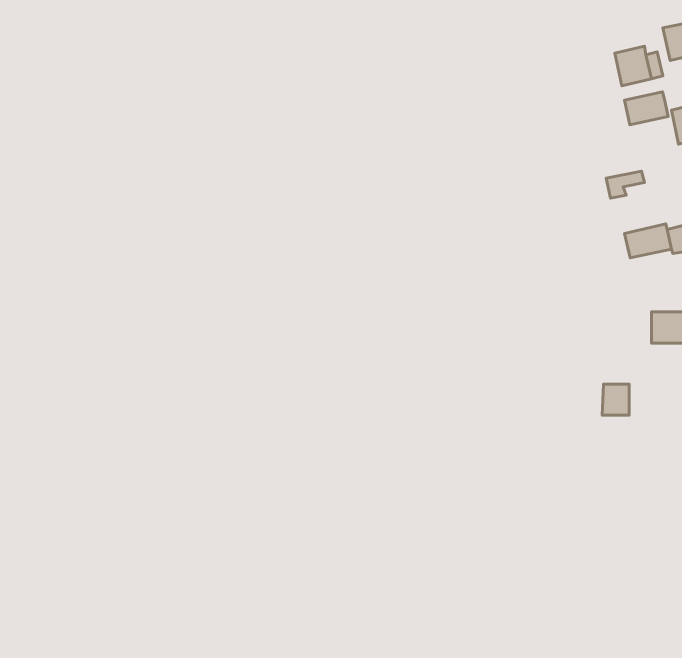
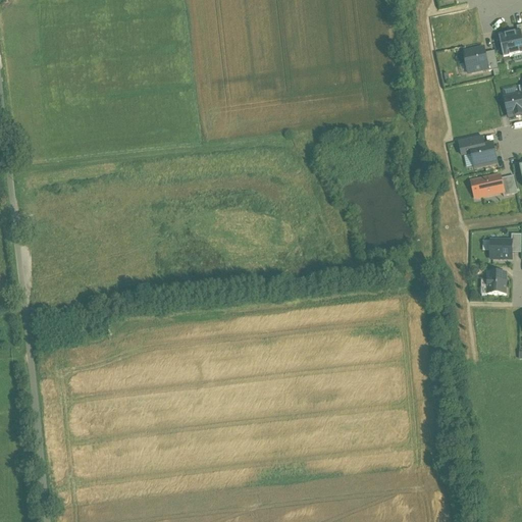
building: [624,92,668,125] -> none
building: none -> [468,142,494,165]
building: [602,384,629,415] -> [486,271,506,294]

